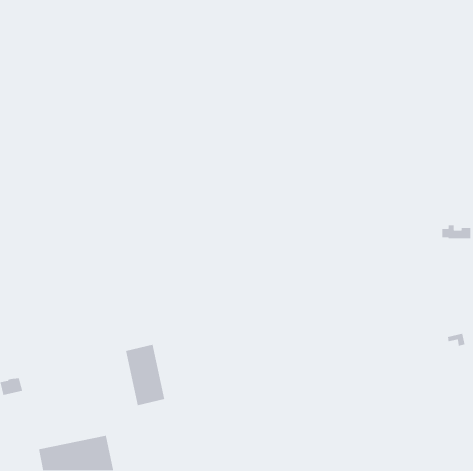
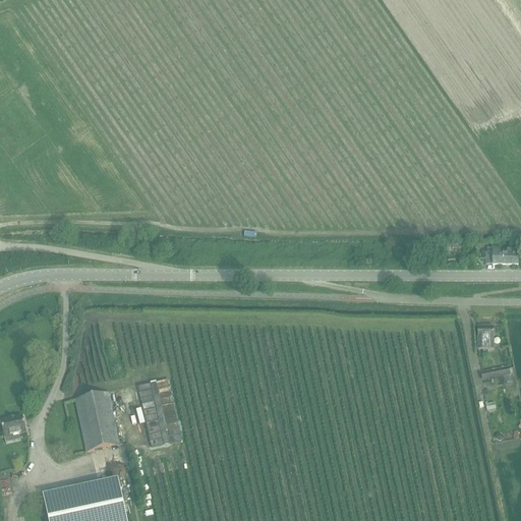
building: none -> [476,325,493,348]
building: none -> [74,391,118,450]

